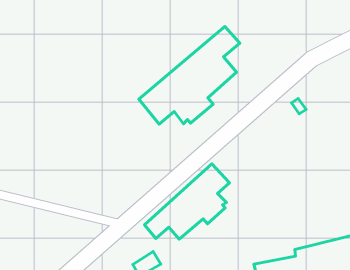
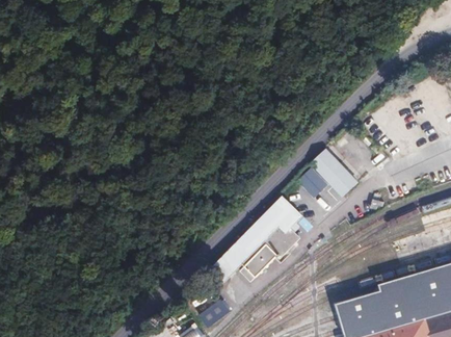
building: [139,27,240,124] -> none
building: none -> [295,146,360,196]

